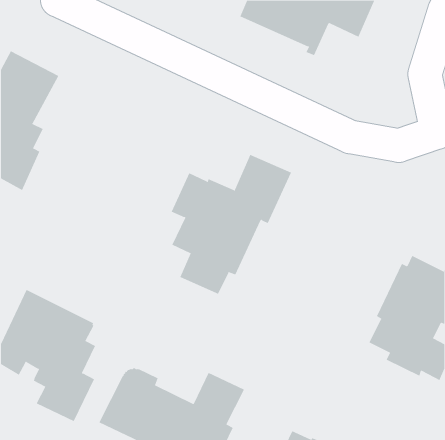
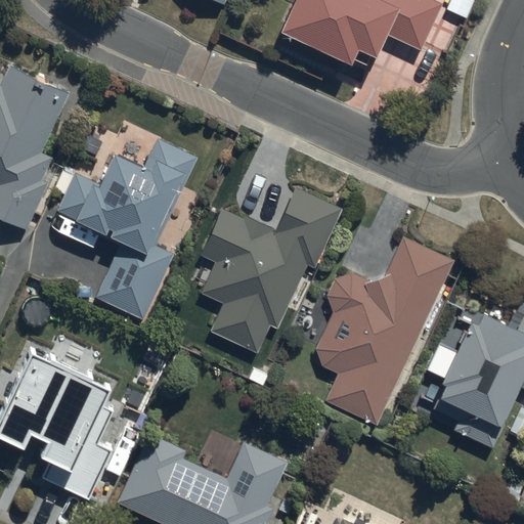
building: none -> [49,139,196,319]
building: none -> [316,236,454,426]

